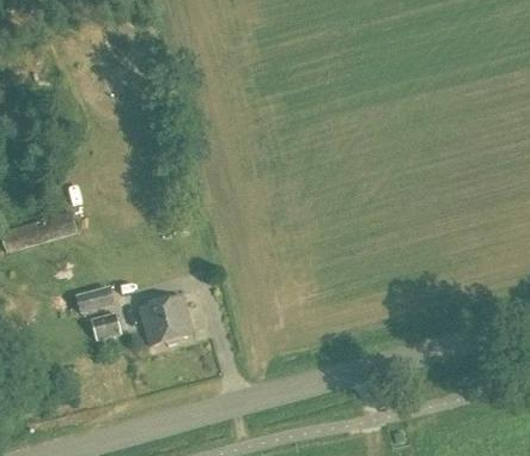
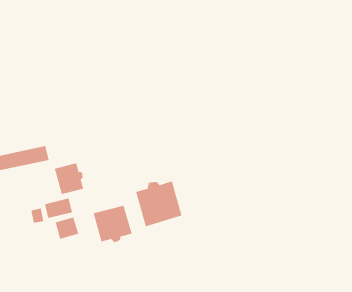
building: none -> [54,162,84,195]
building: none -> [136,180,182,227]

